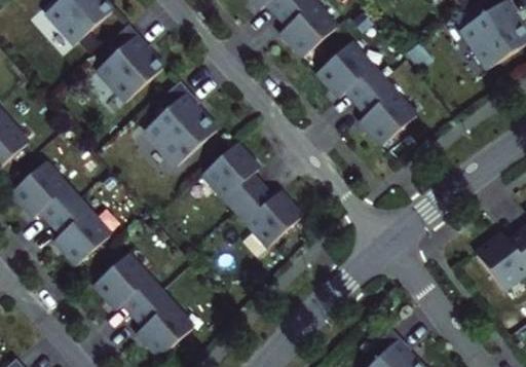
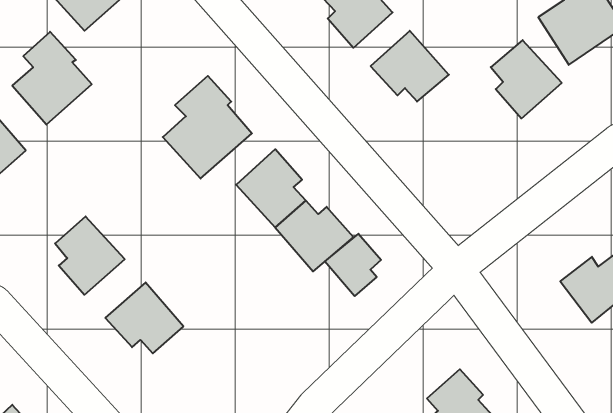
building: [98,23,164,101] -> [12,32,92,125]
building: [355,80,415,146] -> [491,40,562,118]
building: [11,162,77,222] -> none
building: none -> [325,234,381,296]
building: [134,292,192,358] -> none

